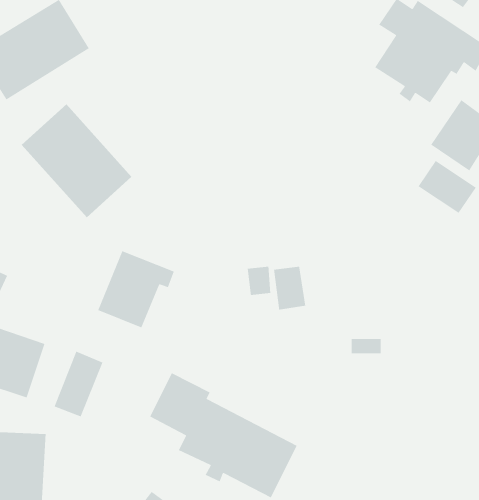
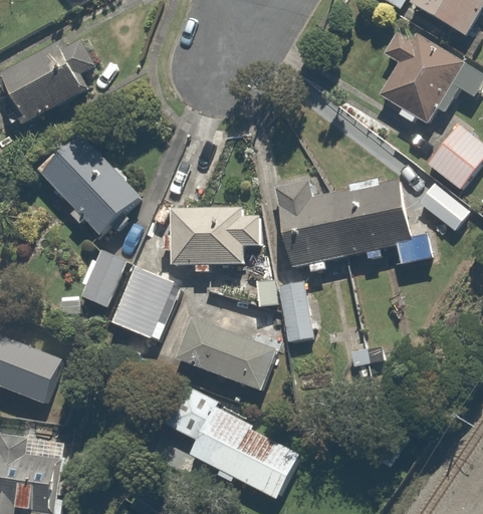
building: none -> [275,178,429,283]
building: none -> [163,204,260,272]
building: none -> [174,314,275,392]
building: [54,351,103,417] -> [79,247,127,310]

